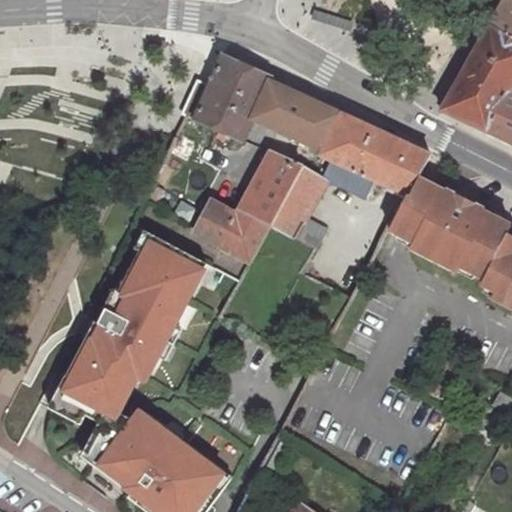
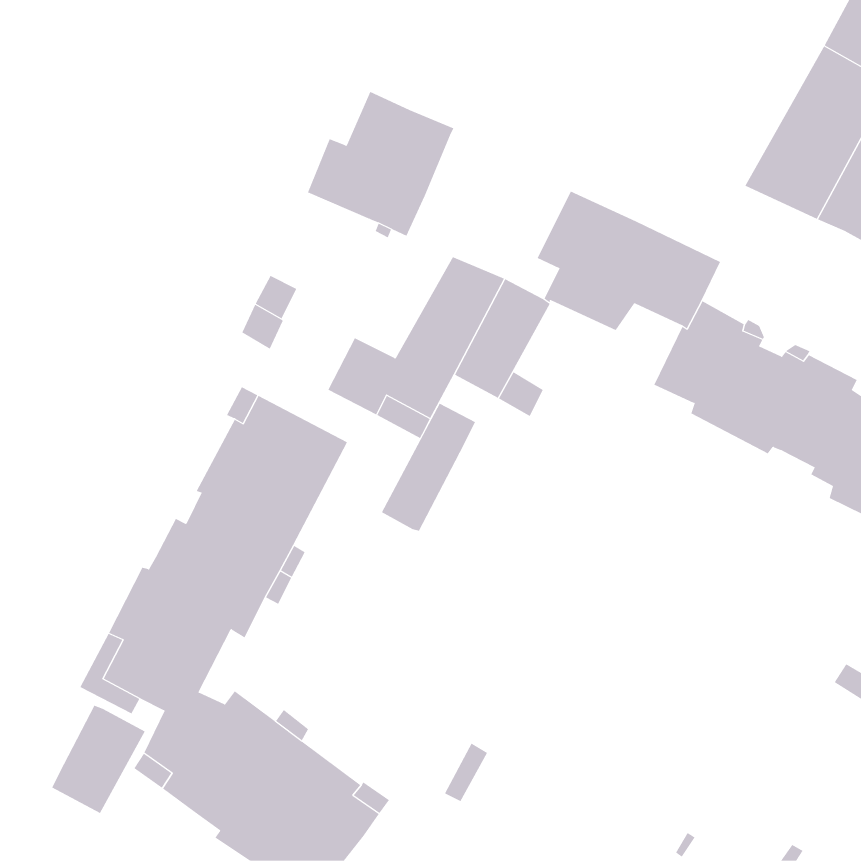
building: [253,80,339,153] -> none
building: none -> [381,403,476,532]
building: none -> [51,705,145,814]

